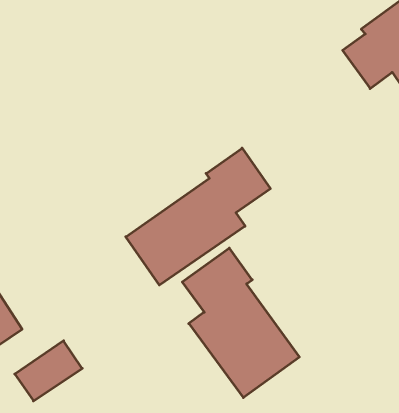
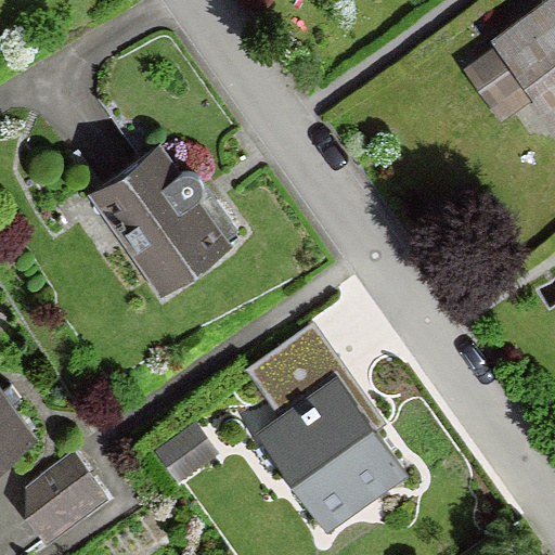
building: none -> [91,149,231,295]
building: [126,148,270,285] -> none

